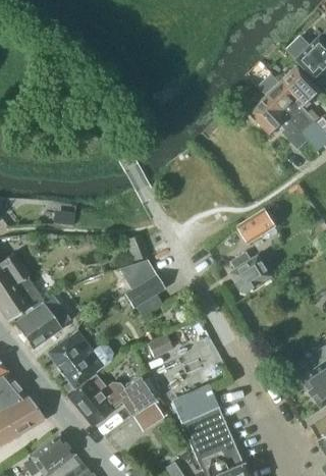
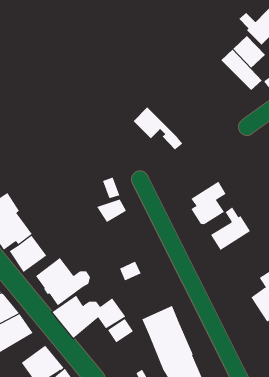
building: [249,96,309,148] -> [133,107,183,150]
building: [237,209,276,244] -> none
building: none -> [210,206,251,251]
building: [122,275,164,317] -> none

